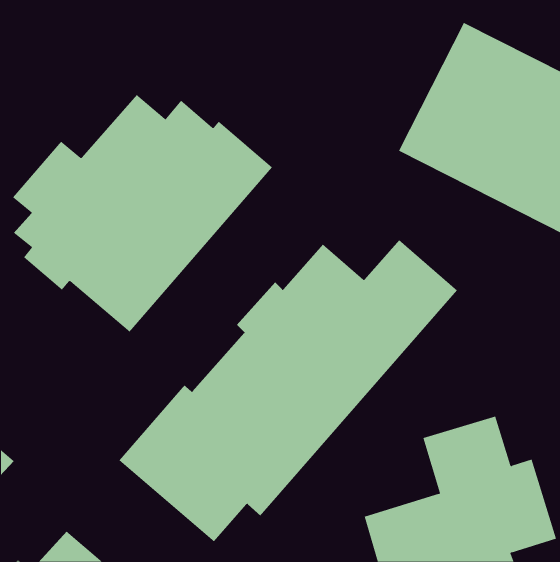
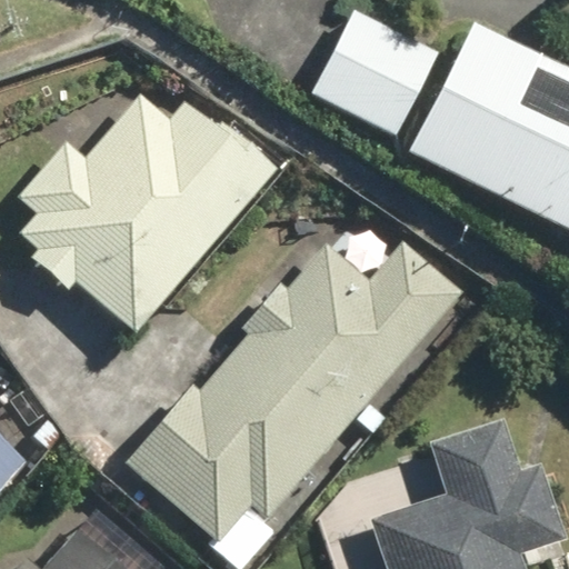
building: none -> [312,9,439,134]

